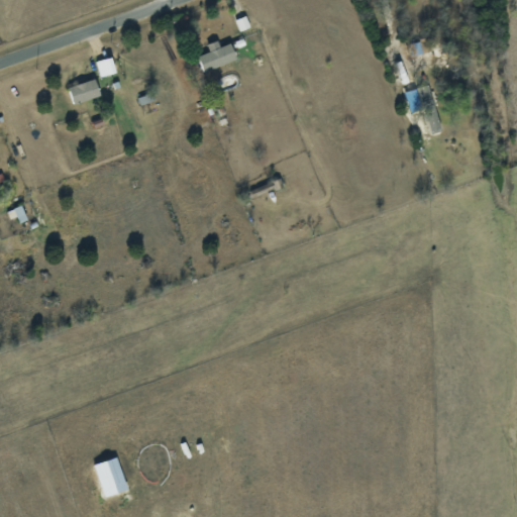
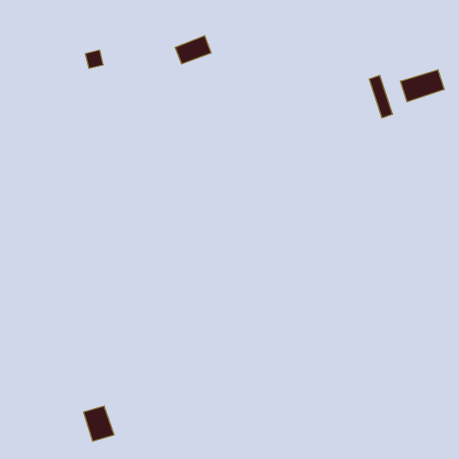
building: none -> [400,70,444,102]
building: [68,79,100,104] -> none

